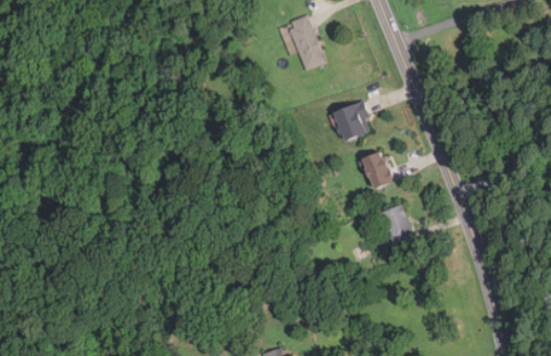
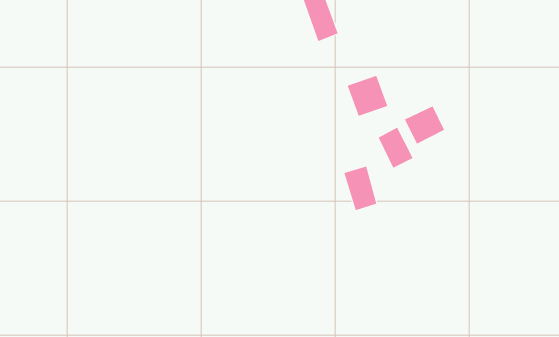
building: none -> [404,105,445,145]
building: [381,204,413,246] -> [344,166,377,211]

